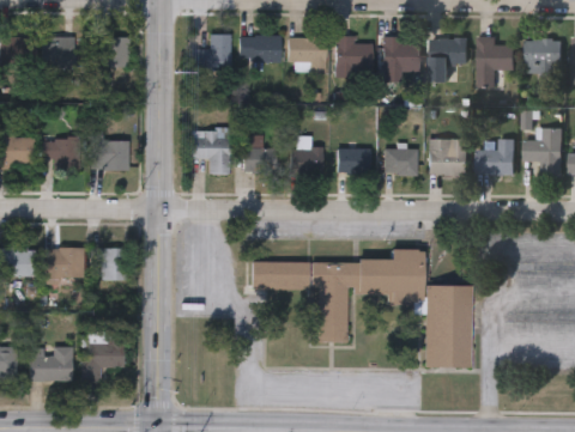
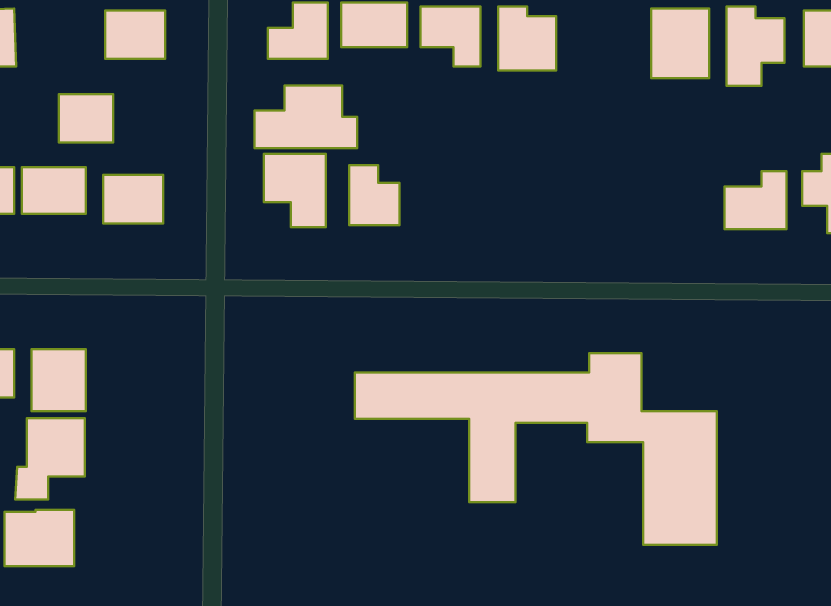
building: [381,38,420,73] -> none
building: [43,41,77,71] -> [59,94,113,142]
building: none -> [255,85,357,148]
building: [428,139,466,175] -> none
building: [337,146,369,174] -> none
building: [290,147,323,175] -> none
building: [383,148,417,175] -> none
building: [92,249,128,282] -> none
building: [81,333,125,383] -> [15,418,85,500]

